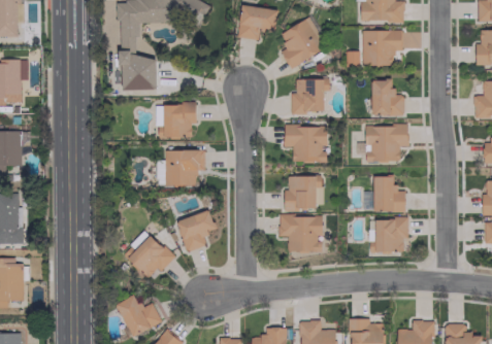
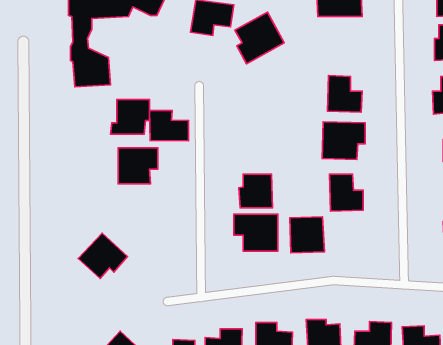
building: [361,30,402,66] -> none
building: [291,79,324,113] -> none
building: none -> [150,111,189,141]
building: [284,126,326,162] -> none
building: [176,211,216,251] -> none
building: [374,217,408,252] -> [290,217,325,253]
building: [116,295,160,337] -> none

